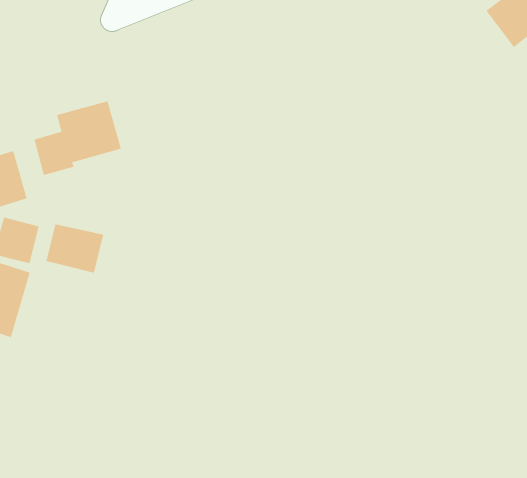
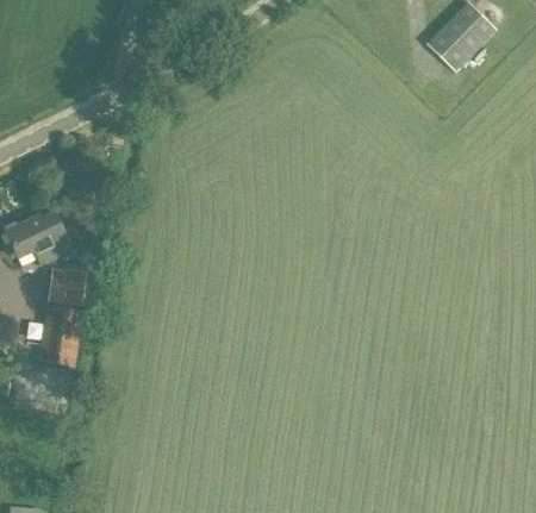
building: [34,101,122,176] -> none
building: [46,224,104,274] -> none

